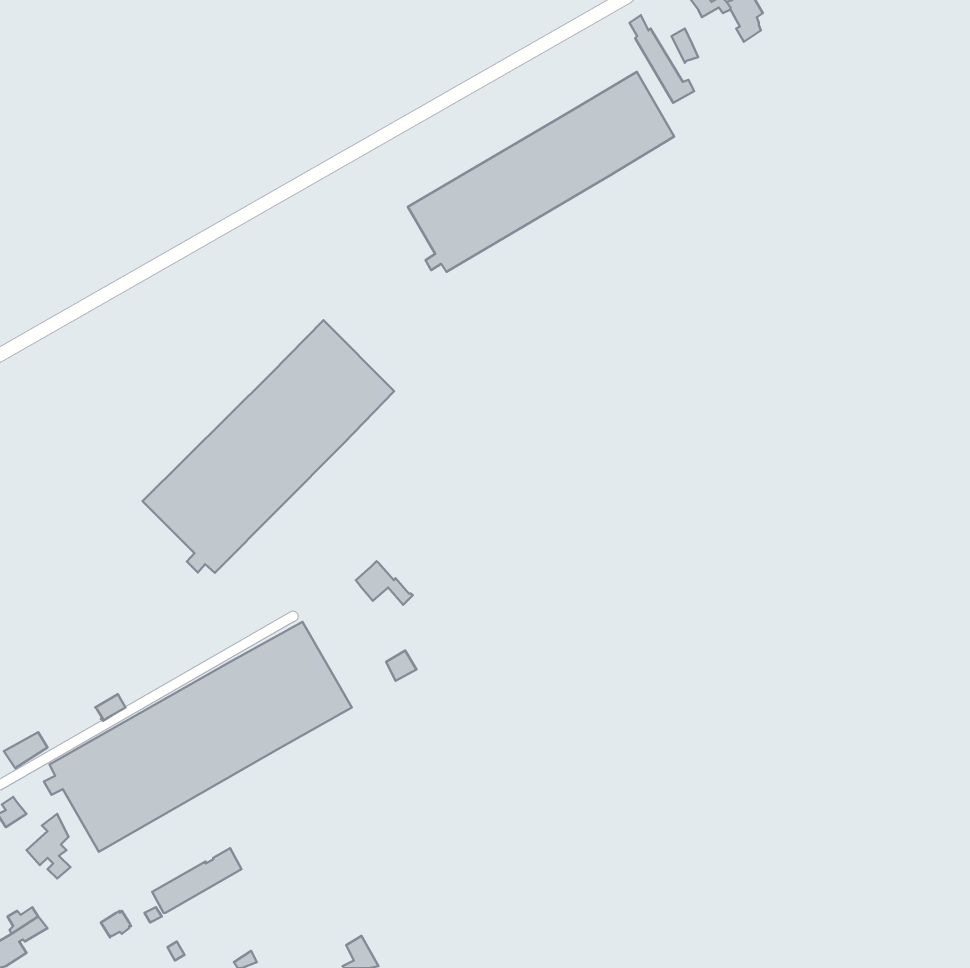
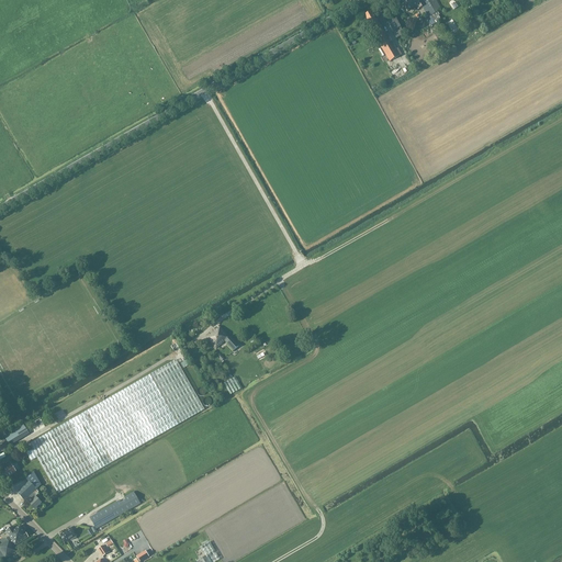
building: [408,72,674,272] -> none
building: [143,320,394,573] -> none

